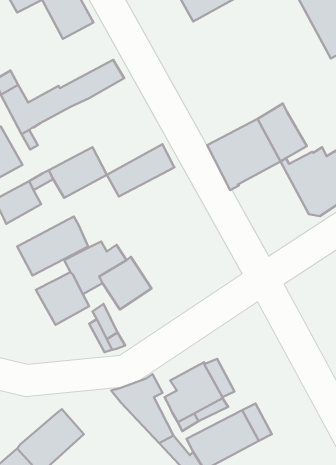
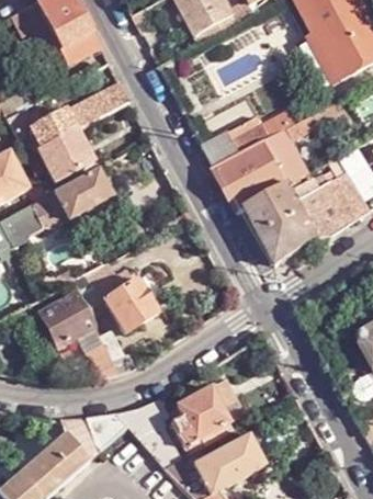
building: none -> [37,128,93,182]
building: [107,144,174,197] -> [201,114,269,167]
building: none -> [244,183,315,264]
building: [17,217,88,275] -> none
building: none -> [67,412,126,456]

